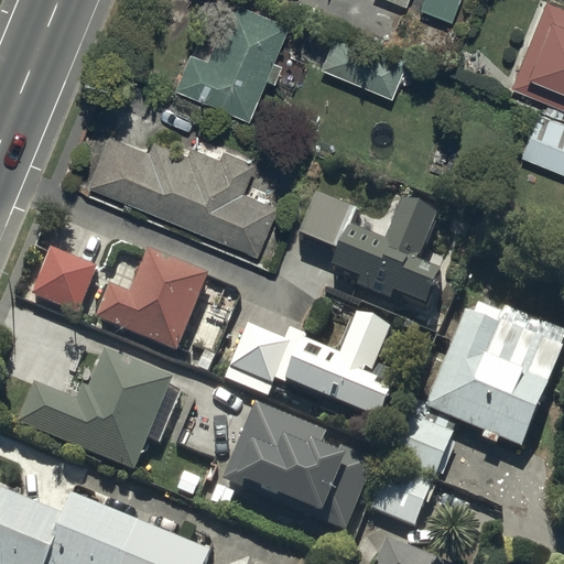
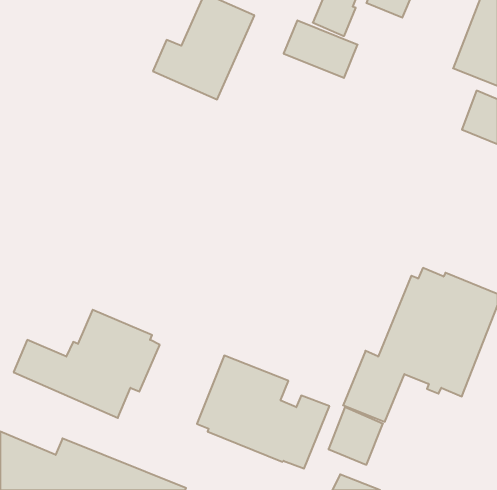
building: [87,127,275,248] -> none
building: [299,188,442,310] -> none
building: [31,246,97,313] -> none
building: [95,250,209,354] -> none
building: [226,314,401,426] -> none

